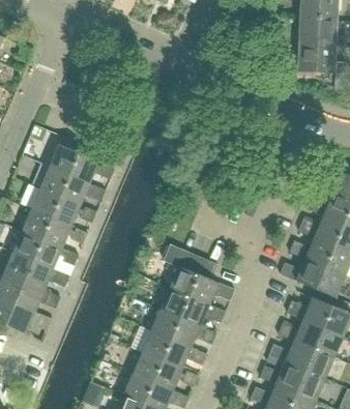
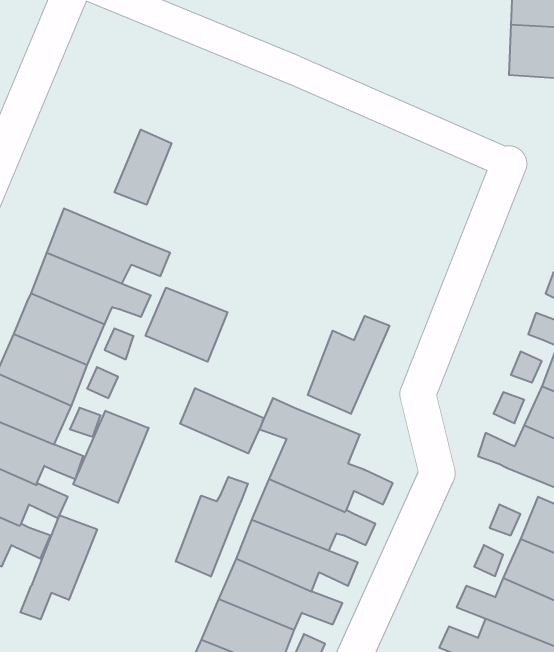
building: none -> [114,130,171,205]
building: none -> [146,288,227,362]
building: none -> [308,316,389,414]
building: none -> [180,388,264,453]
building: none -> [73,411,149,503]
building: none -> [176,477,248,577]
building: none -> [20,515,97,619]

